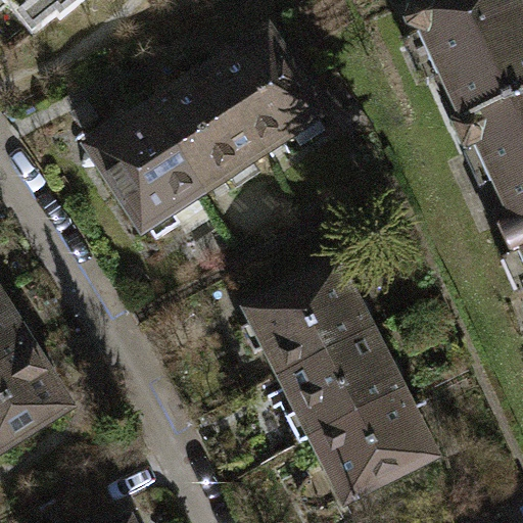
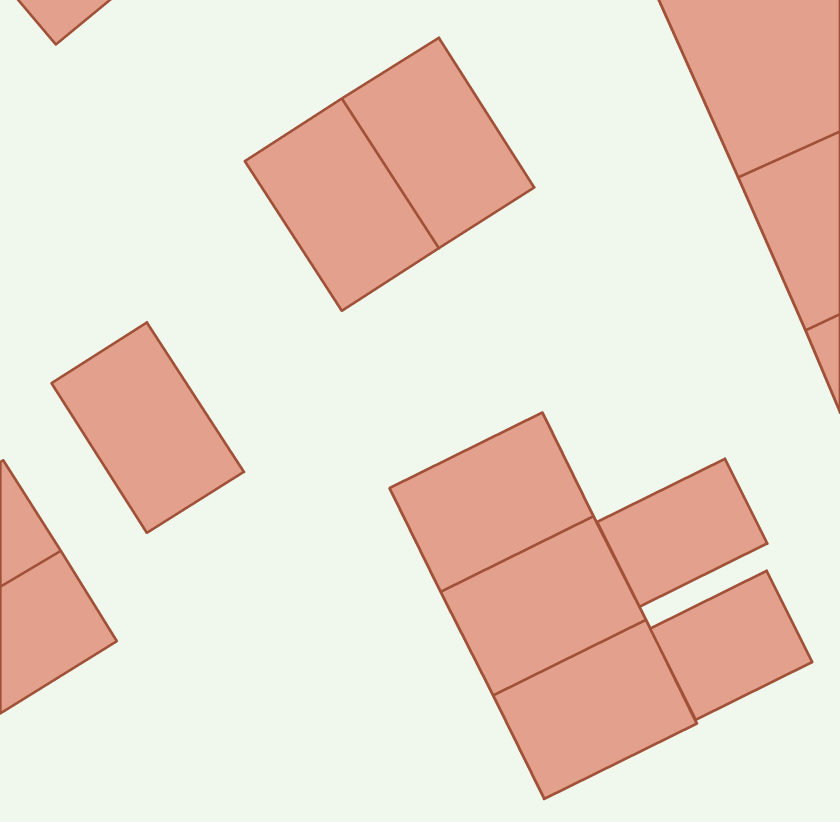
building: [93,100,212,231] -> [52,322,244,533]
building: none -> [597,459,767,607]
building: none -> [650,571,812,720]

